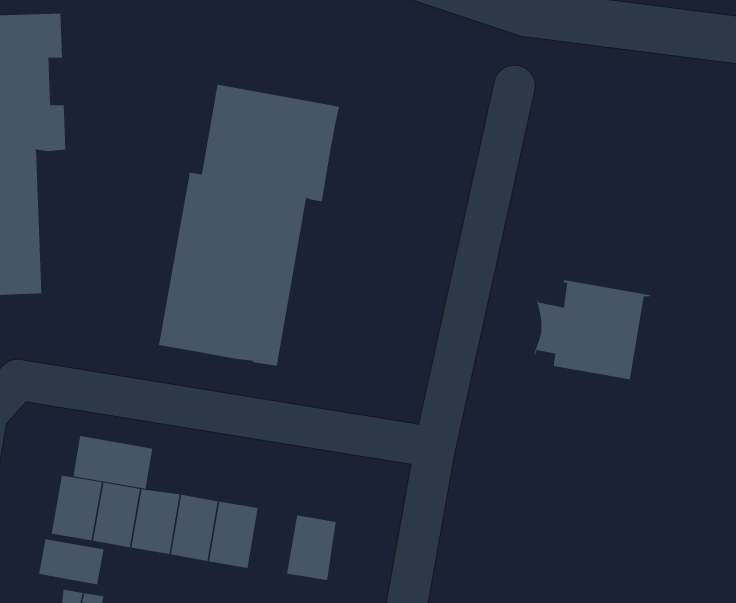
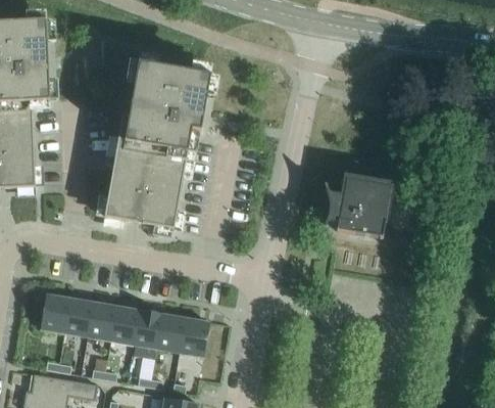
building: [73,435,153,490] -> none
building: none -> [156,313,185,352]
building: [39,539,104,585] -> none

